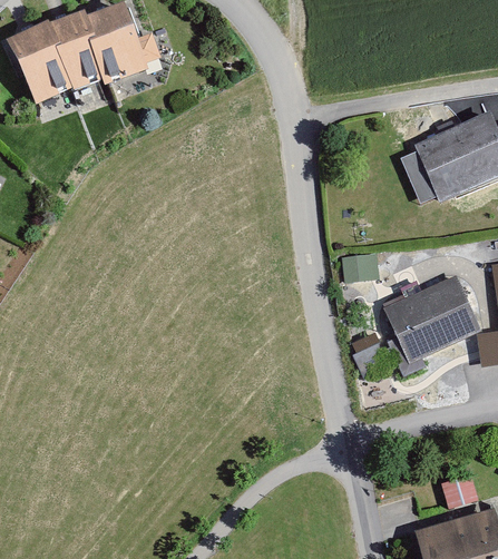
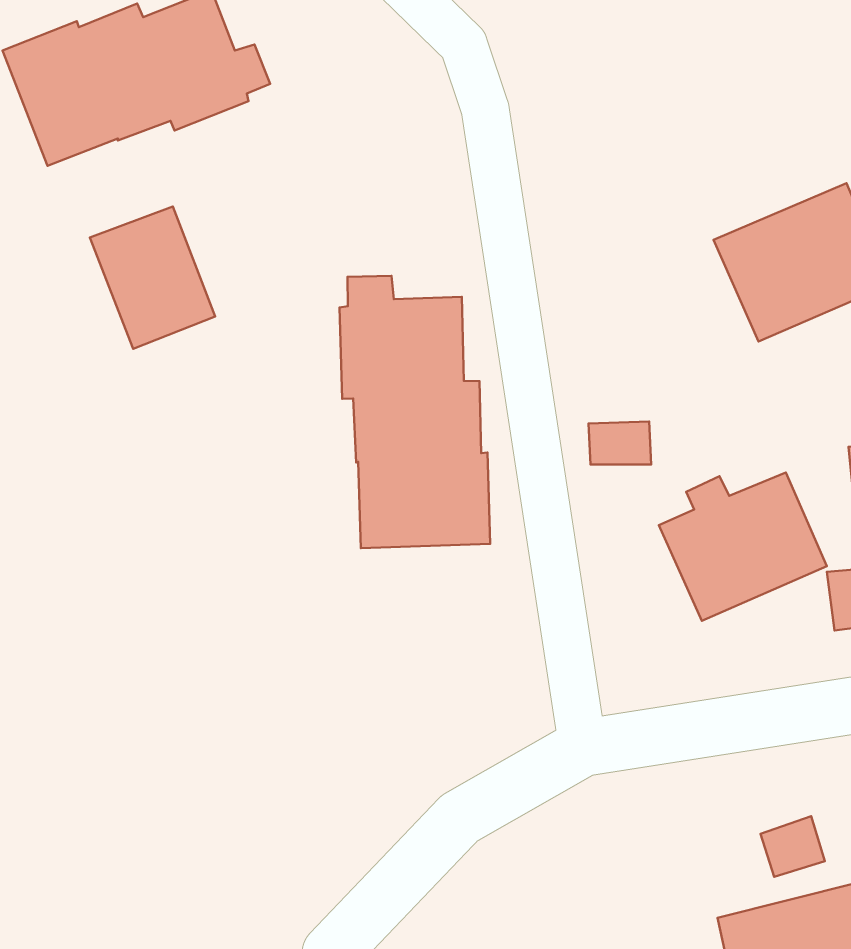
building: none -> [90,206,215,349]
building: none -> [340,276,490,548]

